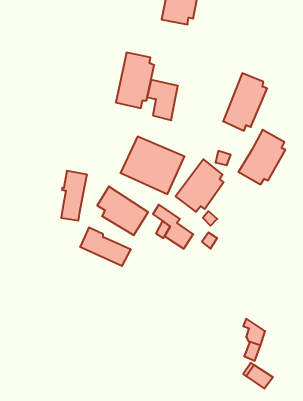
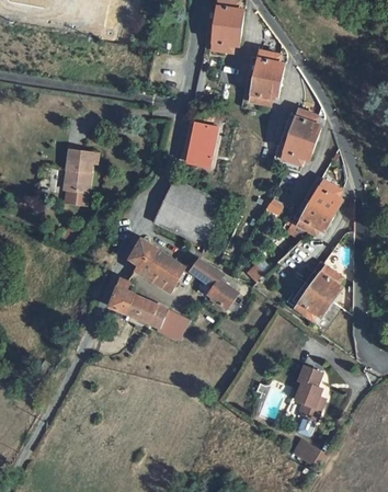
building: [116,53,154,108] -> [241,48,285,112]
building: [176,159,224,212] -> [288,260,343,320]
building: [61,171,87,221] -> [64,149,93,206]
building: none -> [157,309,191,339]
building: none -> [297,363,322,402]

